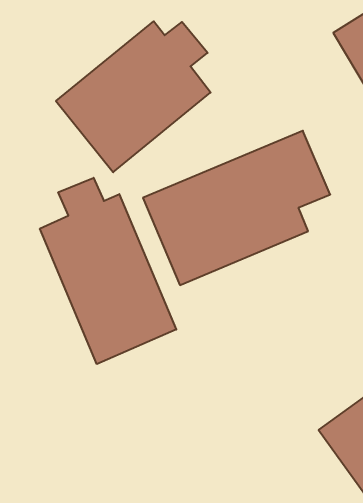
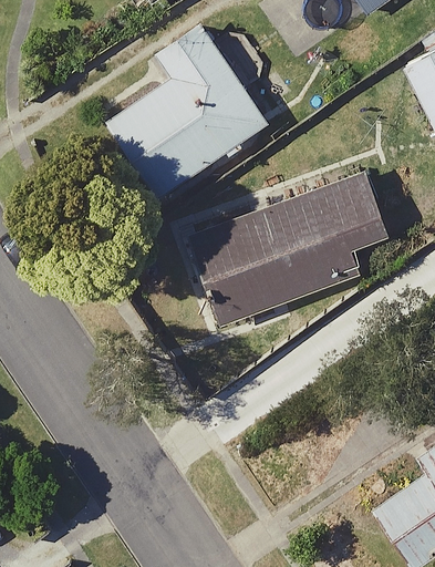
building: [40,178,176,364] -> none

